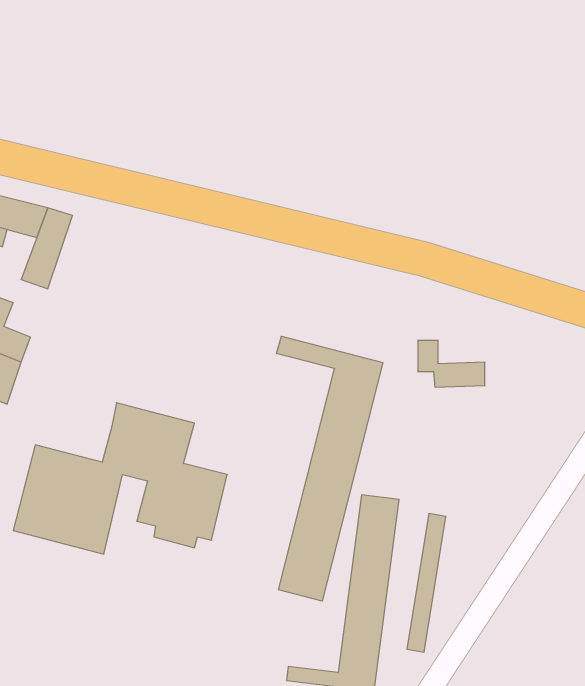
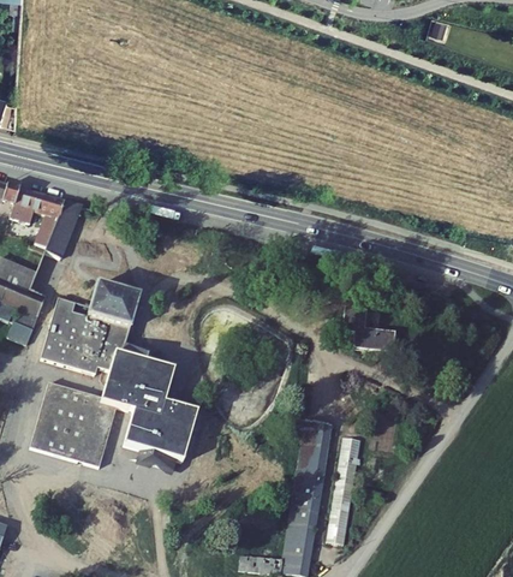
building: none -> [43,287,141,370]
building: [277,336,383,601] -> none

